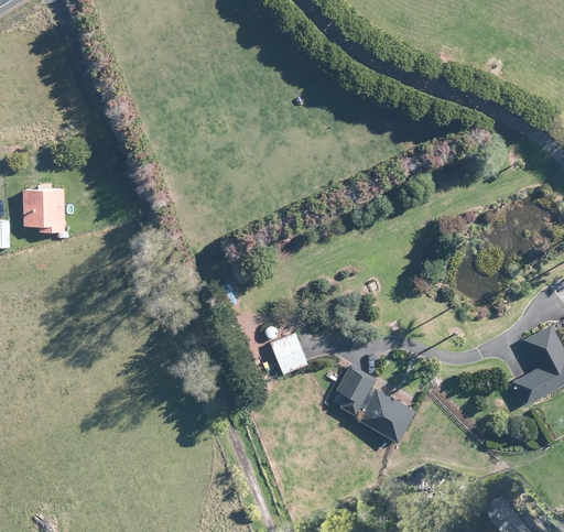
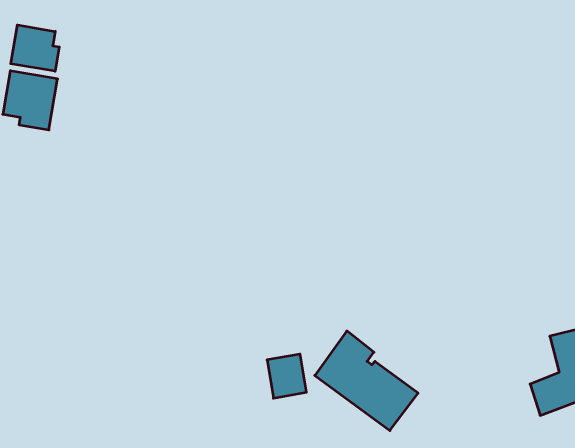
building: none -> [11,25,59,71]
building: [270,332,308,373] -> [267,354,306,398]

